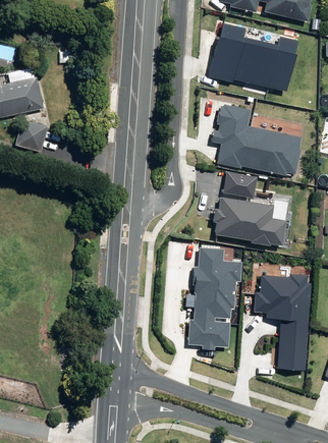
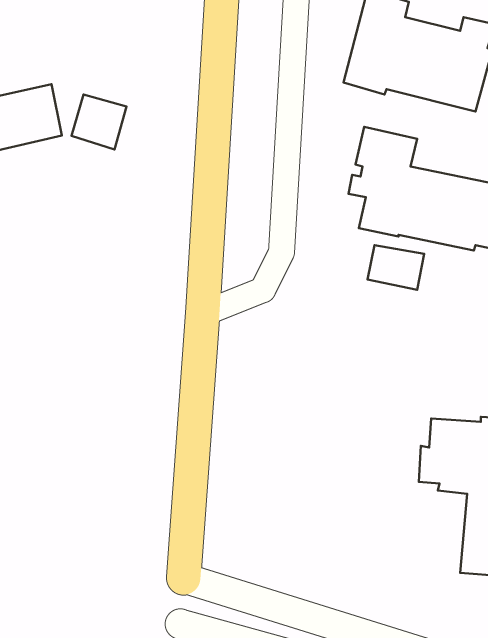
building: [14,119,47,152] -> [72,95,127,149]
building: [211,197,283,245] -> none
building: [189,247,243,349] -> none

